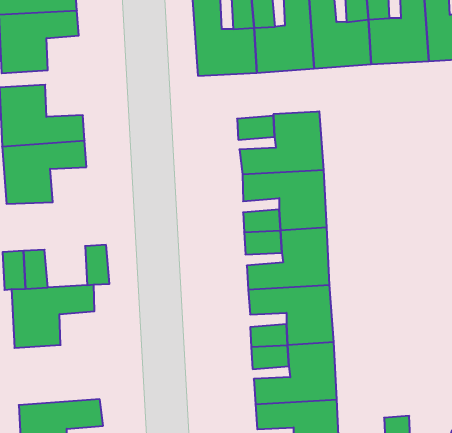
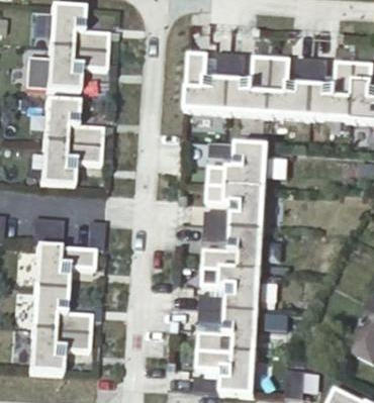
building: none -> [27,288,88,332]

